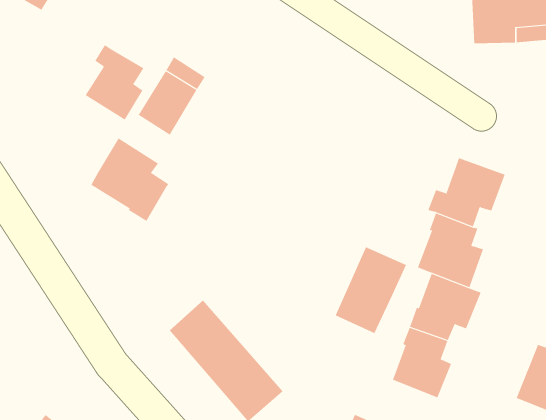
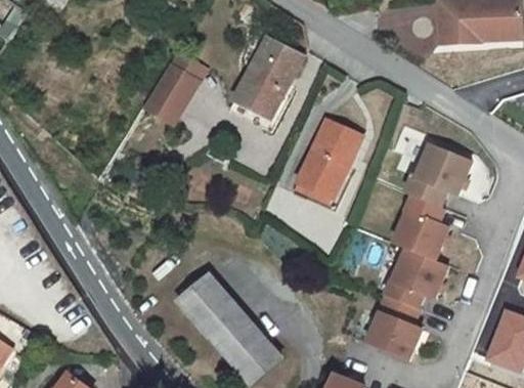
building: none -> [227,36,303,129]
building: [85,44,144,120] -> none
building: [90,138,169,222] -> none
building: [335,247,407,334] -> [295,119,359,197]

